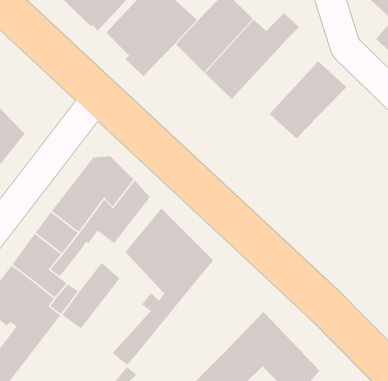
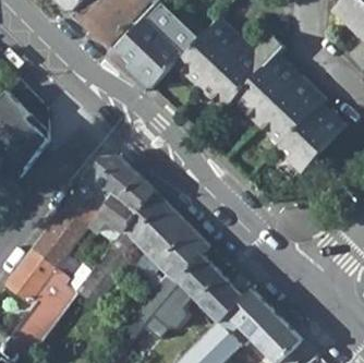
building: none -> [233,51,299,119]
building: none -> [276,100,344,169]
building: none -> [144,254,243,339]

